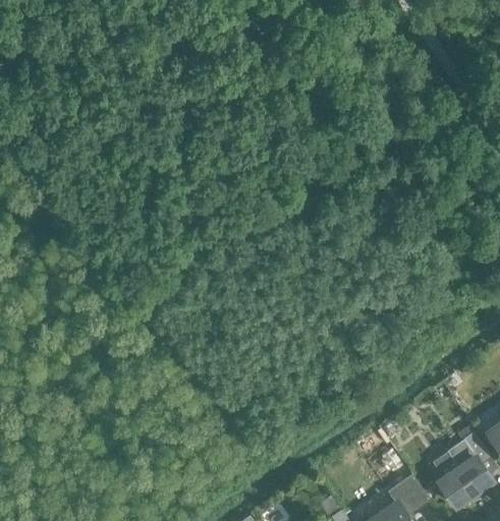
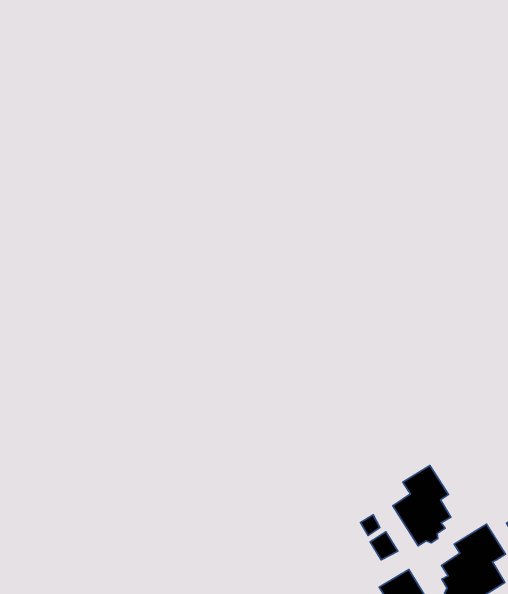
building: none -> [393,465,451,546]

